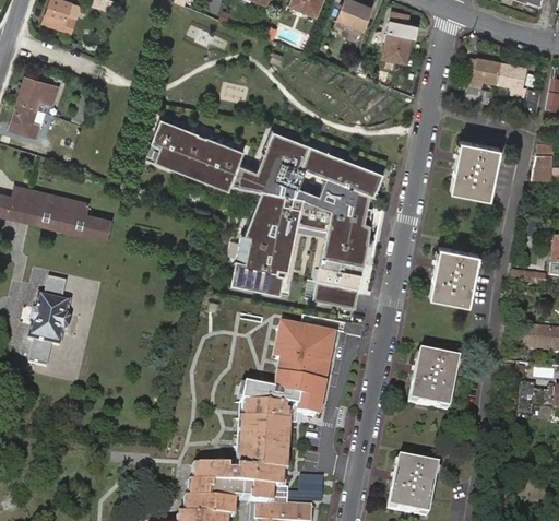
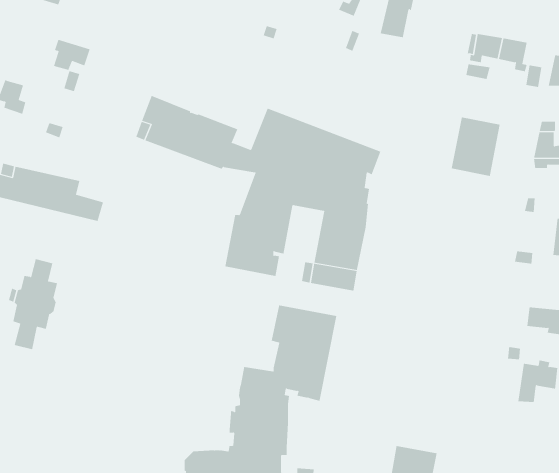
building: [21,79,57,109] -> [53,39,90,71]
building: [429,246,477,304] -> none
building: [407,353,456,411] -> none

